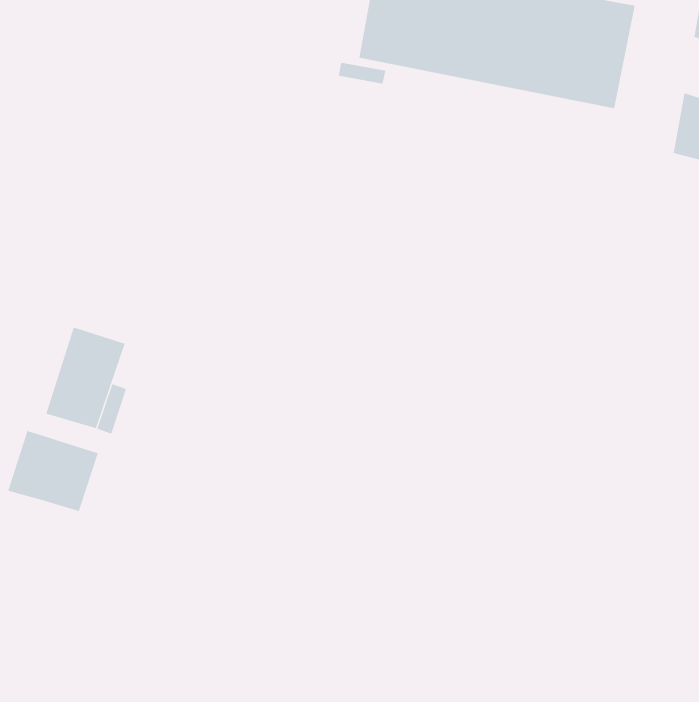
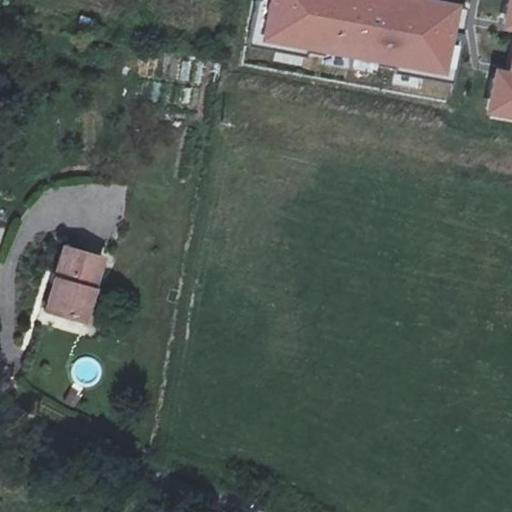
building: [8,430,99,512] -> none

